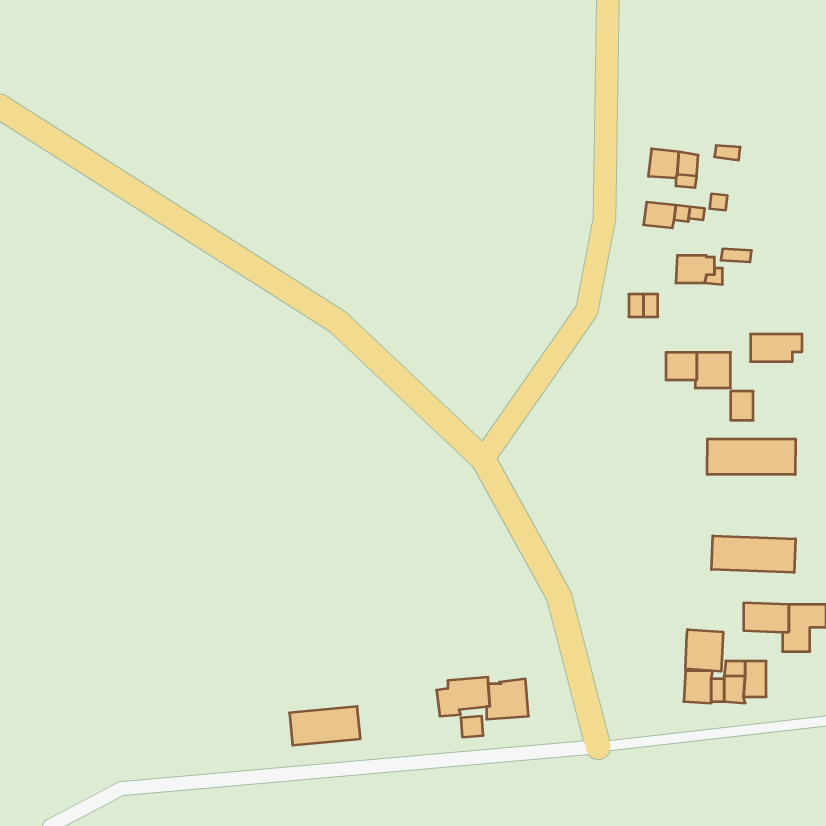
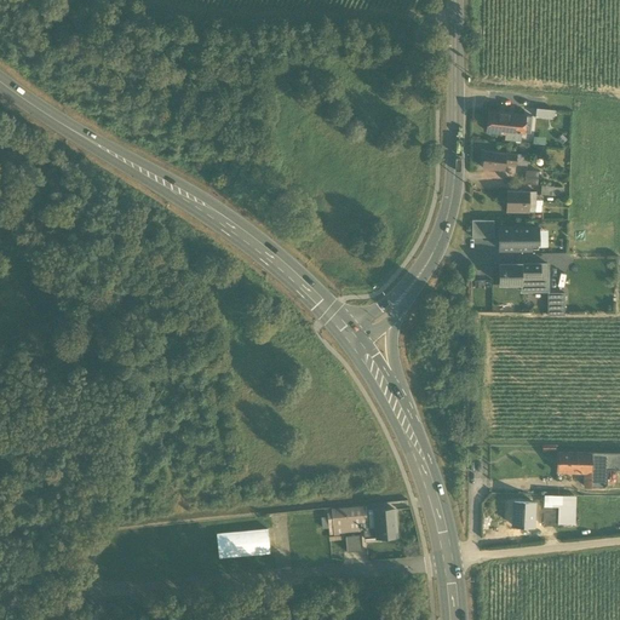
building: [750,334,802,362] -> [499,229,538,249]
building: [707,439,796,475] -> none
building: [711,536,795,573] -> none
building: [686,629,723,671] -> none

